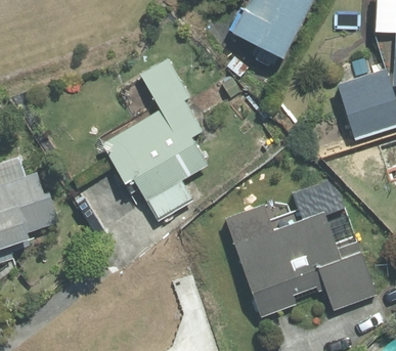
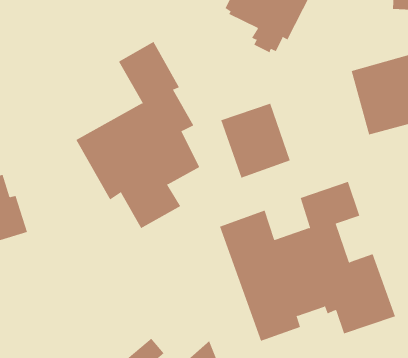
building: none -> [221,103,291,178]

